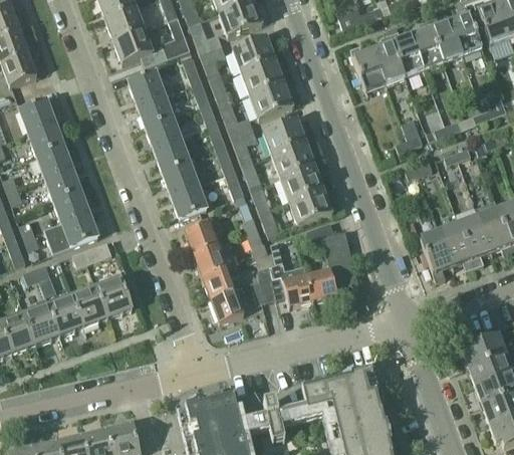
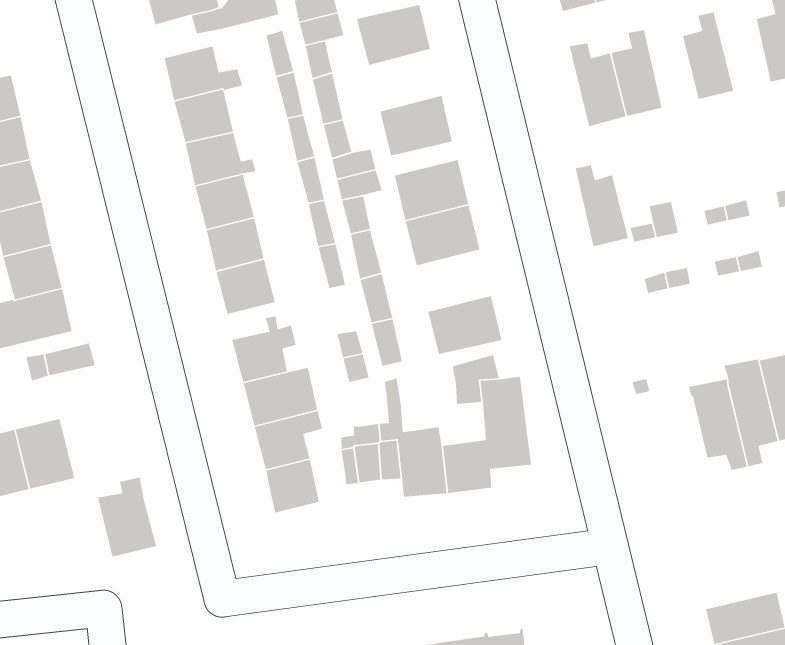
building: [427,16,462,61] -> none
building: [390,30,424,75] -> [575,164,629,247]
building: [241,58,283,95] -> none
building: [280,165,323,202] -> none
building: [420,231,452,280] -> none
building: [95,270,132,316] -> [97,477,157,558]

